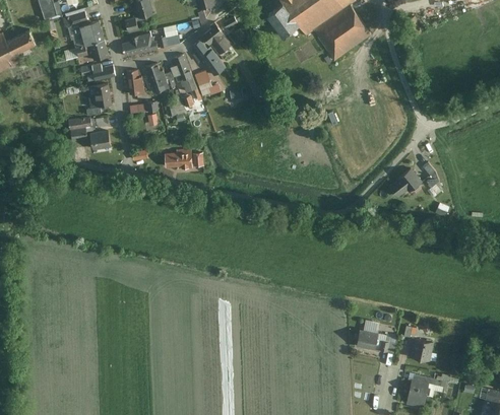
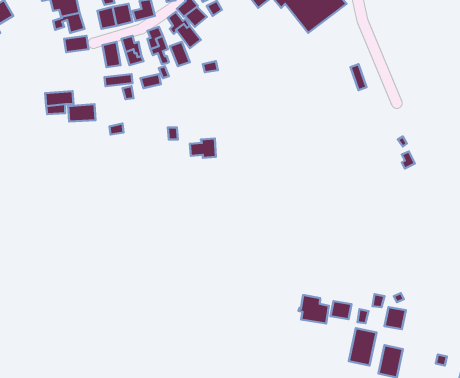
building: [87,83,111,109] -> none
building: [165,151,191,170] -> [190,139,216,158]
building: [390,169,421,198] -> none
building: none -> [299,295,329,324]
building: none -> [349,328,377,365]

